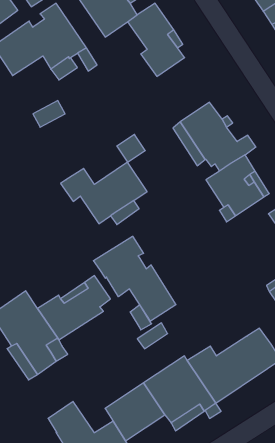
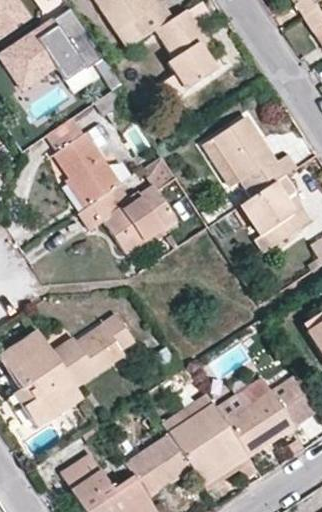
building: none -> [49,133,117,205]
building: [93,236,176,321] -> none

